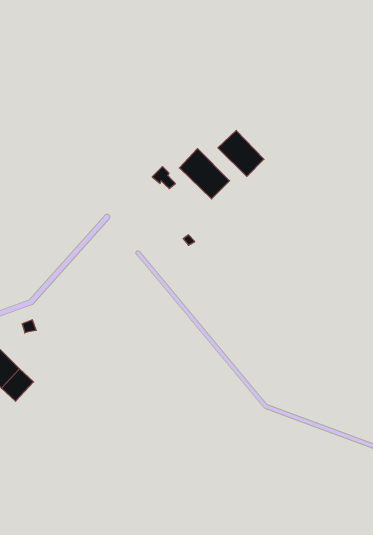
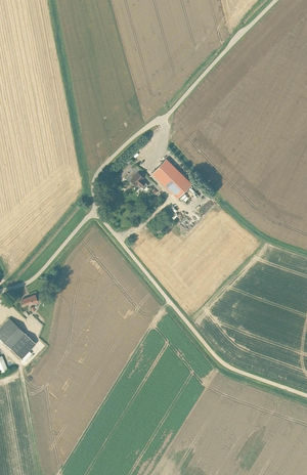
building: [218,130,264,176] -> none

